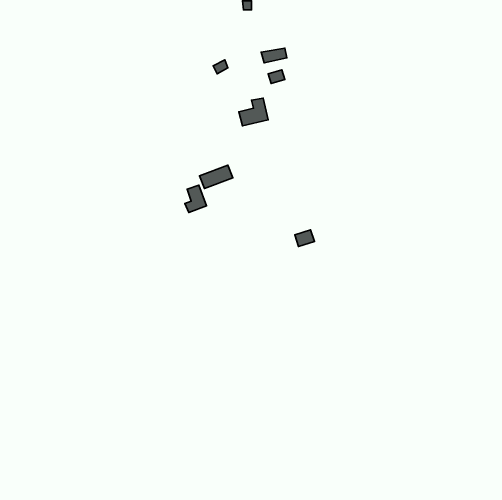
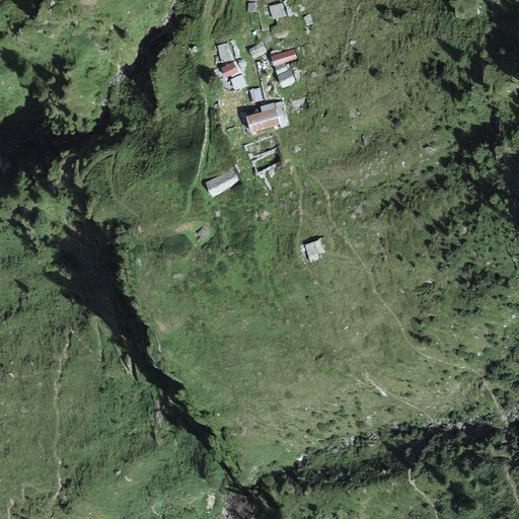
building: [185,185,207,213] -> none

